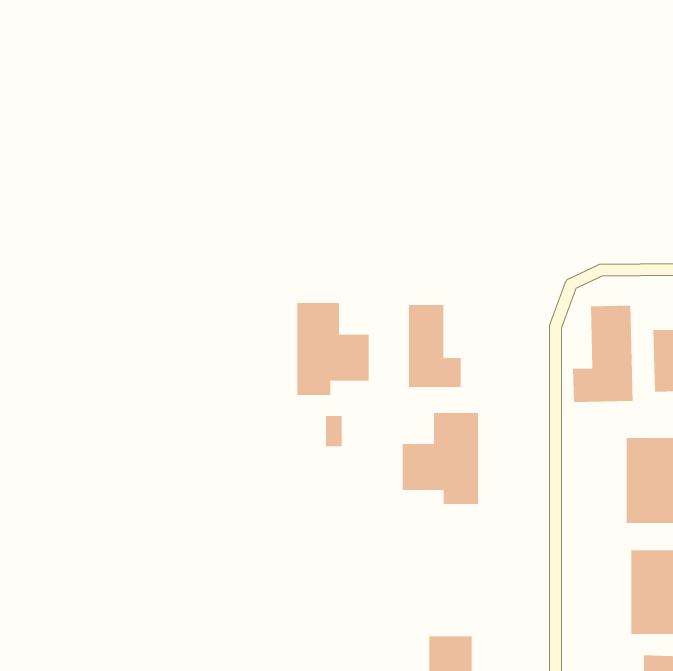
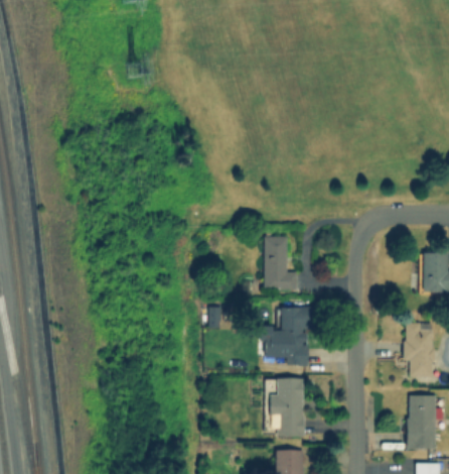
building: [297,302,369,396] -> none
building: [573,305,633,403] -> none
building: none -> [270,377,304,436]

